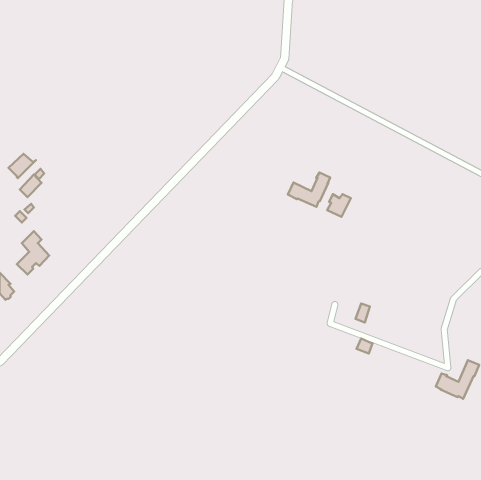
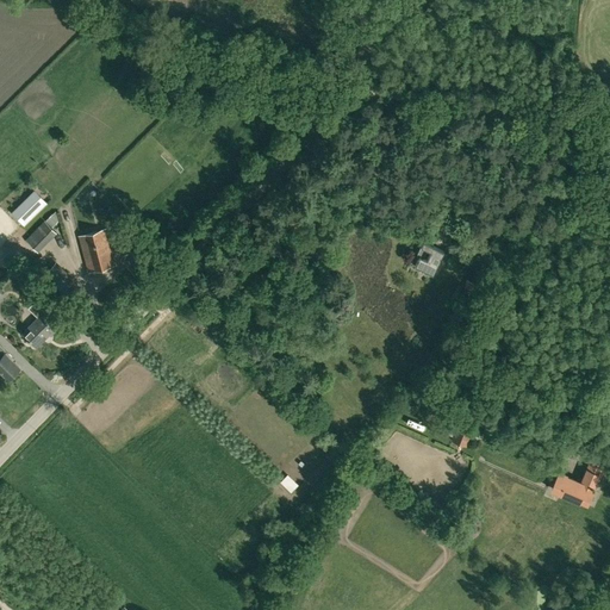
building: [288,172,330,207] -> none
building: none -> [79,231,114,273]

